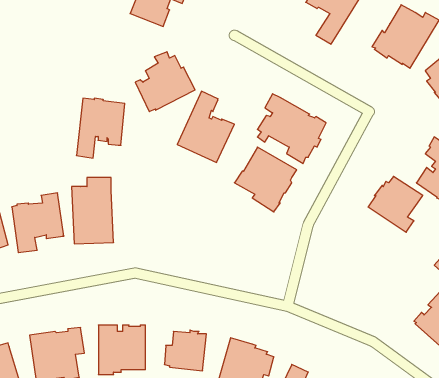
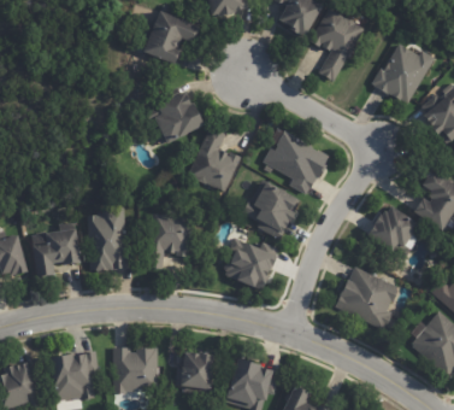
building: [76,98,125,158] -> [146,213,191,270]
building: none -> [220,238,277,288]
building: none -> [335,266,399,329]

